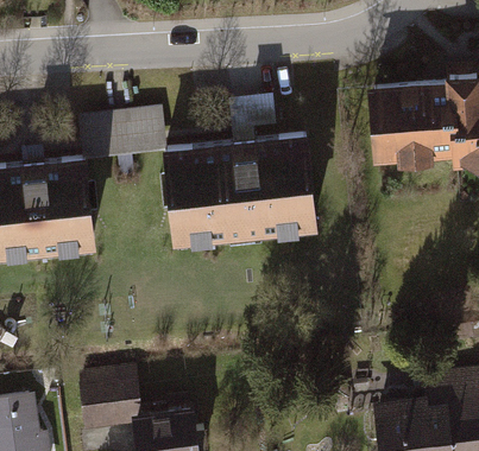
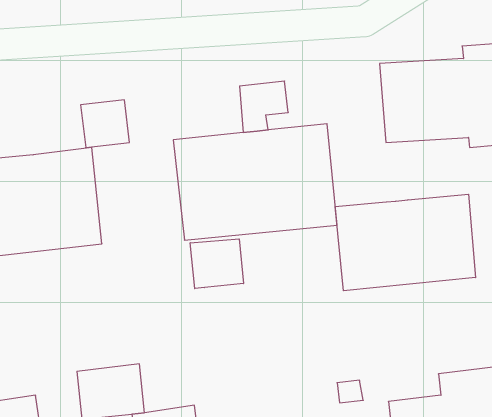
building: [120,110,166,155] -> none
building: none -> [335,194,476,291]
building: none -> [190,239,243,289]

